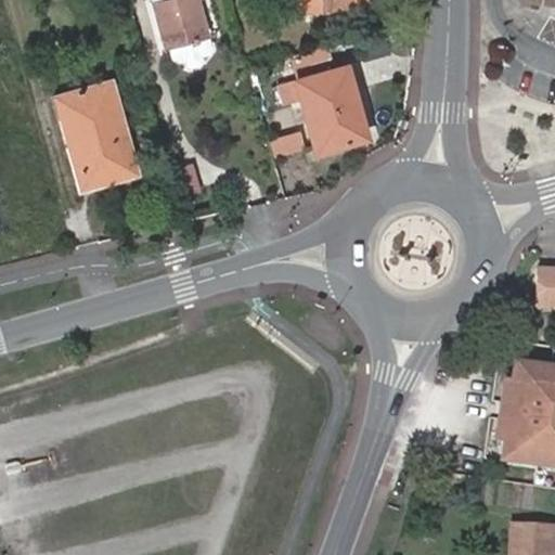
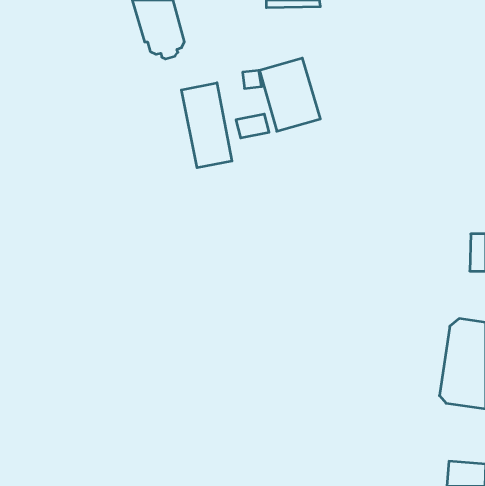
building: [55,80,137,189] -> none
building: none -> [181,83,232,168]

